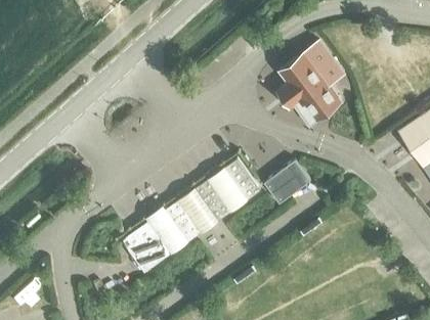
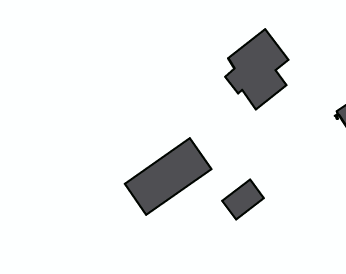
building: [263,161,309,204] -> [222,179,264,219]
building: [120,207,188,273] -> none

